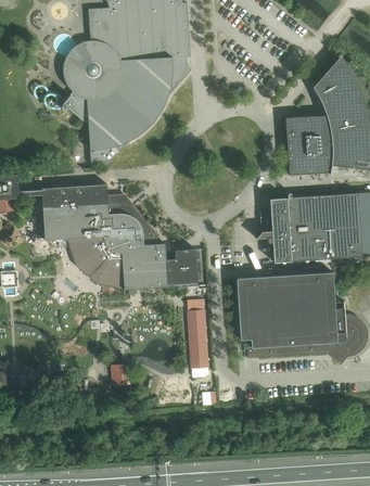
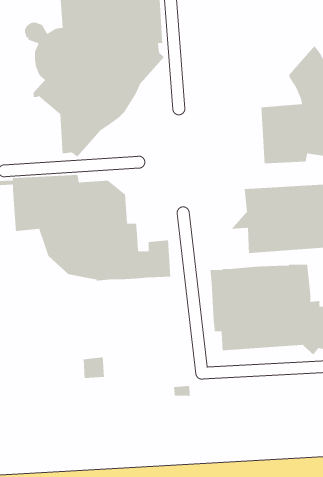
building: [188,310,208,369] -> none

